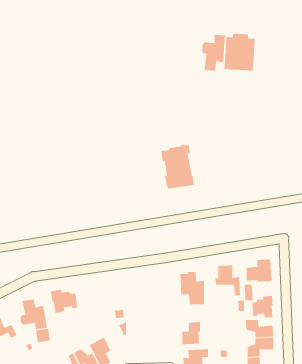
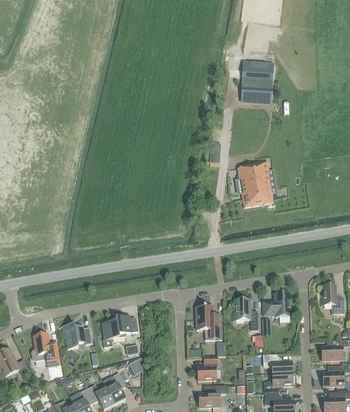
building: [202,34,225,71] -> none
building: [160,144,194,189] -> [237,160,272,206]
building: none -> [102,314,132,347]
building: [252,295,273,318] -> none

